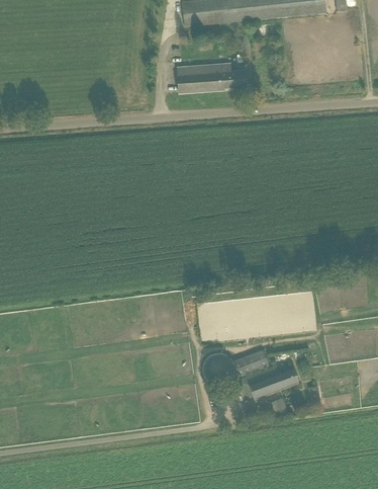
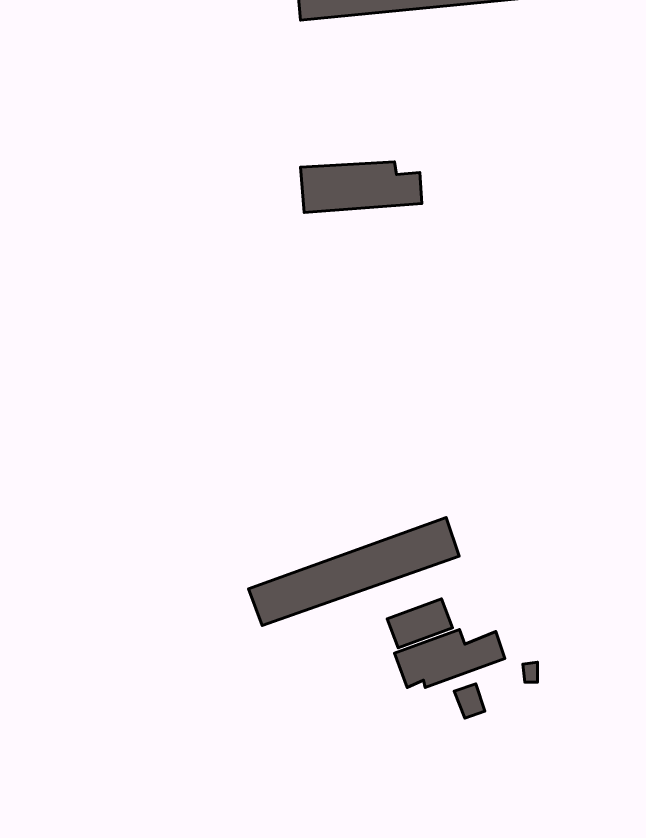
building: [177,63,245,91] -> [301,162,422,212]
building: none -> [249,517,459,625]

